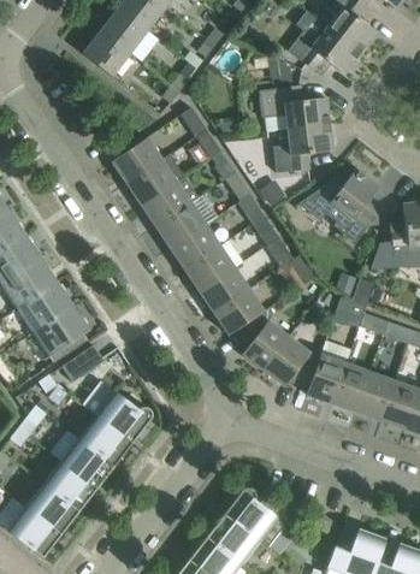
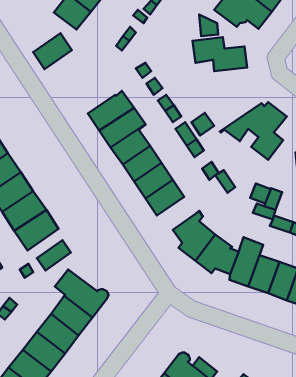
building: [273,124,333,173] -> none
building: [112,137,161,183] -> [33,33,72,69]
building: [214,289,264,335] -> none

